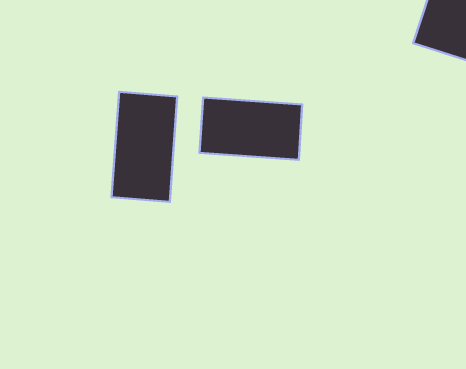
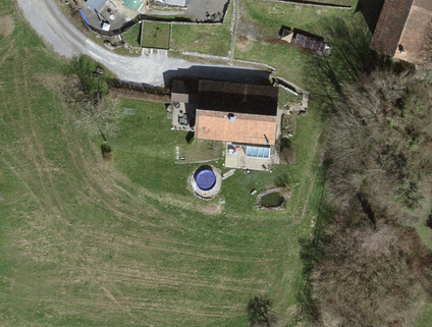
building: [112,92,177,202] -> none

